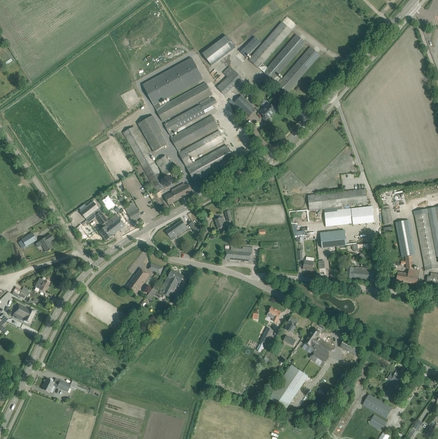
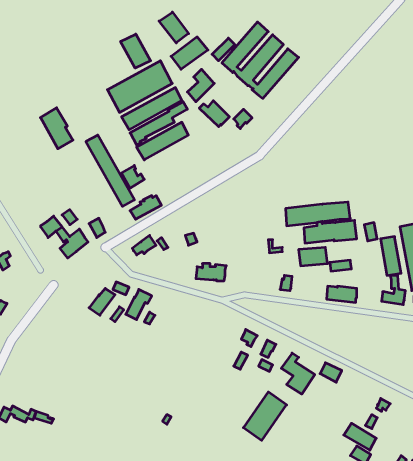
building: none -> [159,12,189,43]
building: none -> [121,34,151,68]
building: [138,114,168,152] -> [40,108,73,149]
building: [179,130,235,181] -> none

